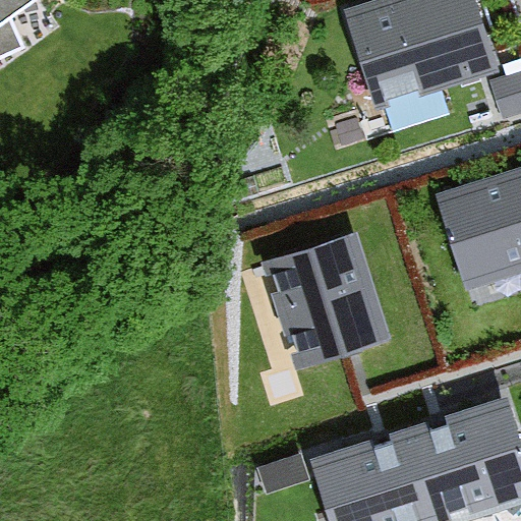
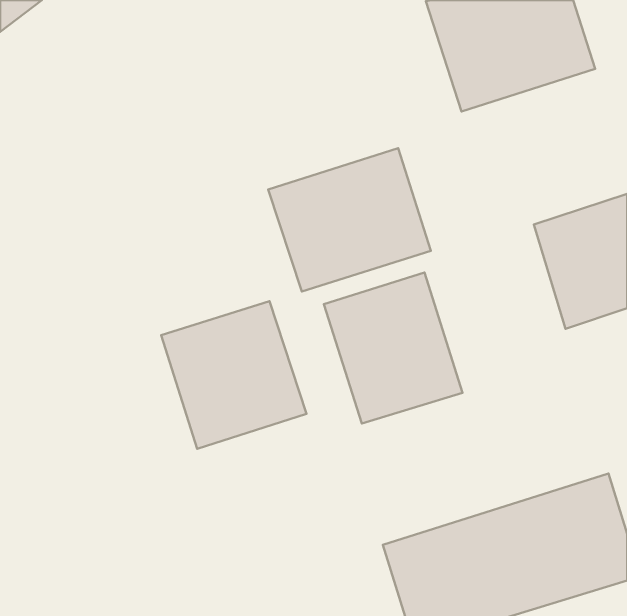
building: none -> [268,148,431,291]
building: none -> [161,301,306,449]

